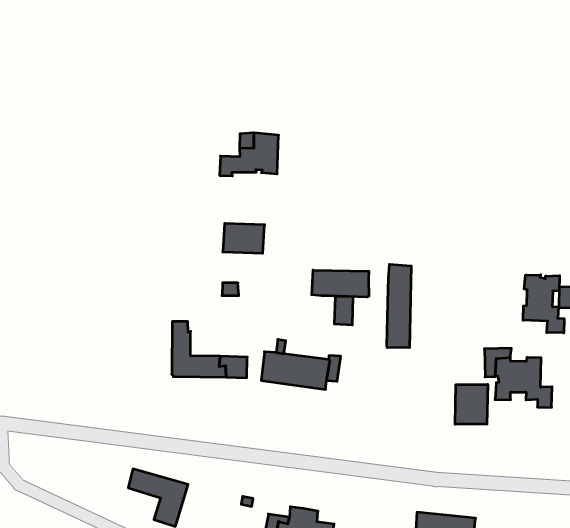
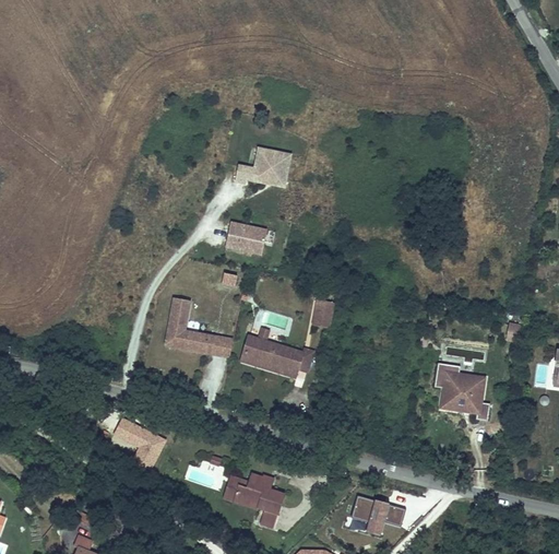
building: [387,264,411,348] -> none
building: [312,270,369,297] -> none
building: [523,275,564,333] -> none
building: [455,384,488,424] -> none

